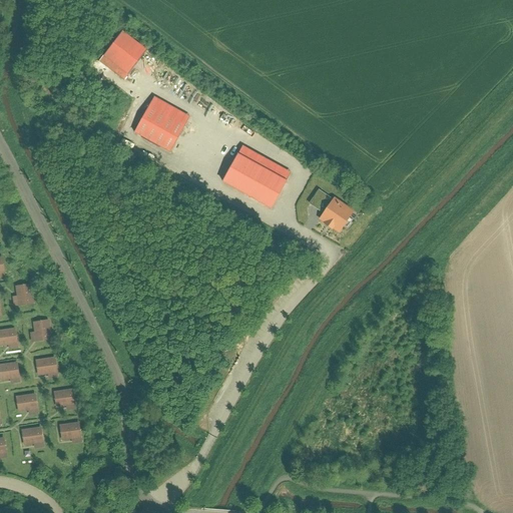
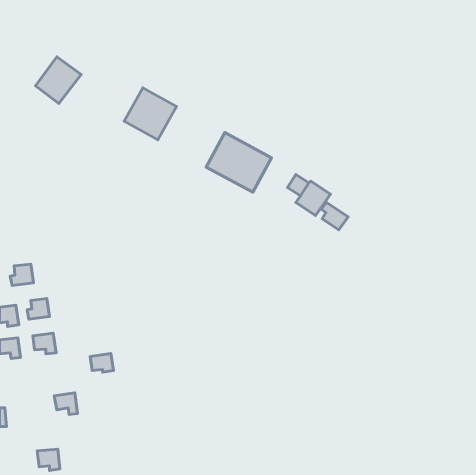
building: [98,28,147,78] -> [35,57,81,104]
building: none -> [321,202,348,230]
building: [53,390,78,410] -> [90,354,114,372]
building: [14,393,40,415] -> none
building: [22,427,46,450] -> [37,449,60,471]

